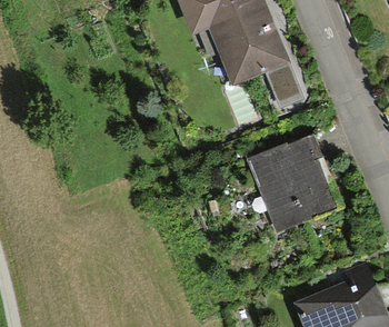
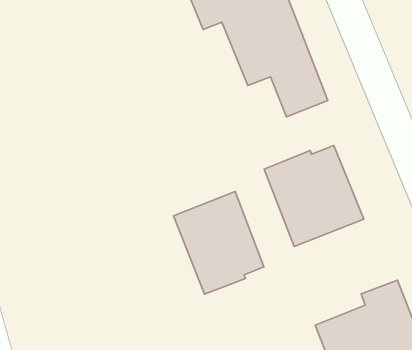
building: none -> [173,192,264,294]

